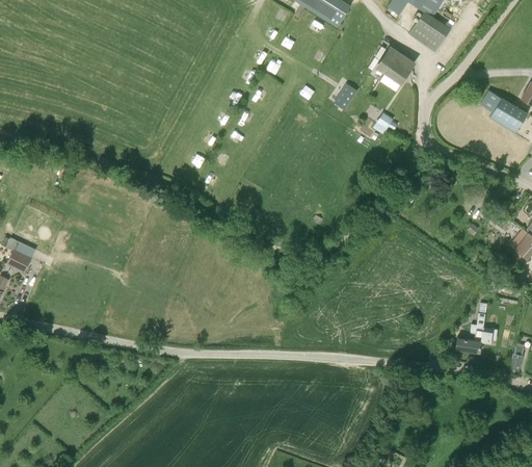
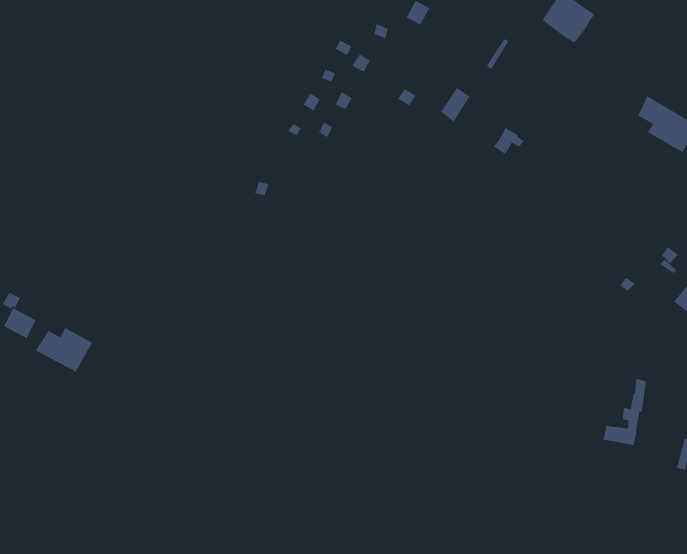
building: [376,48,414,83] -> none
building: none -> [35,327,93,373]

